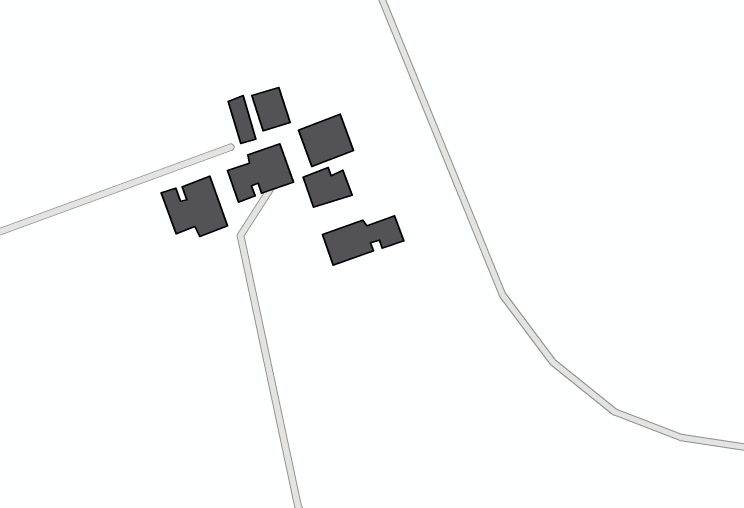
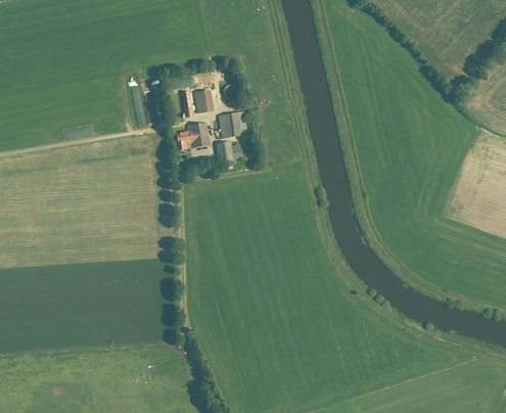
building: [161,176,228,237] -> none
building: [322,216,404,265] -> none

